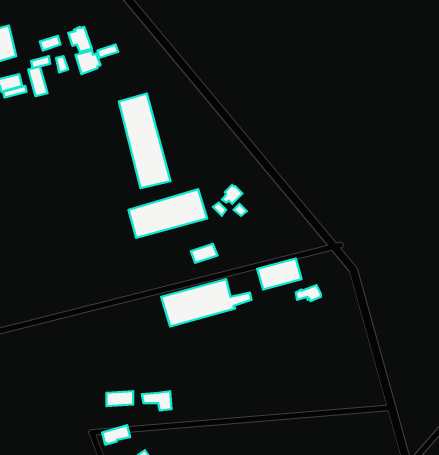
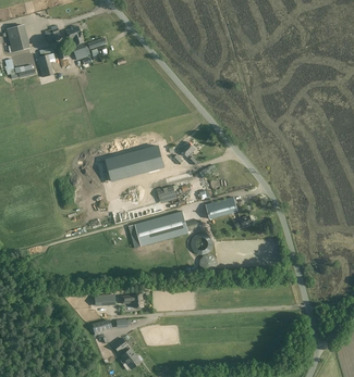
building: [119,94,170,188] -> none

